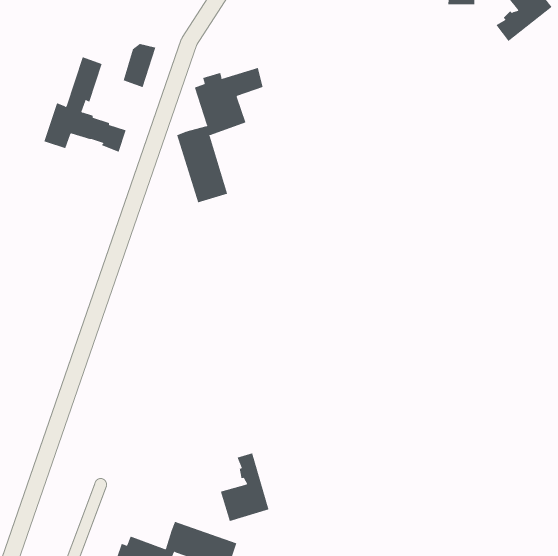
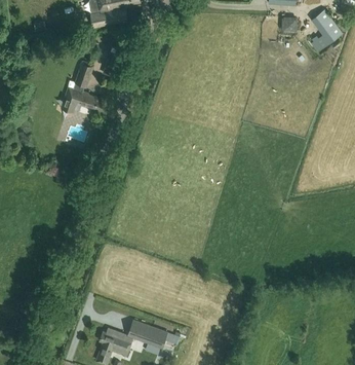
building: [177,67,263,203] -> none
building: [220,453,269,522] -> none

